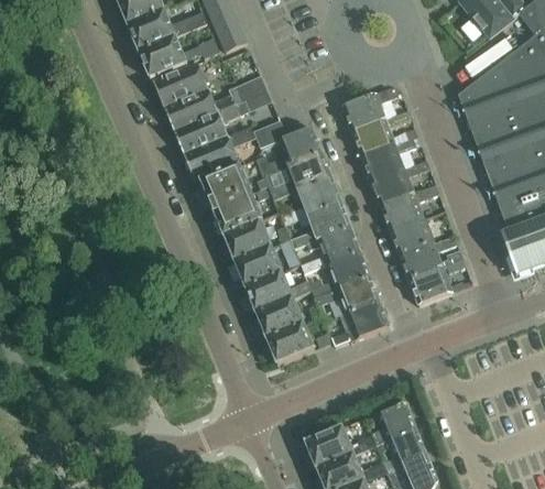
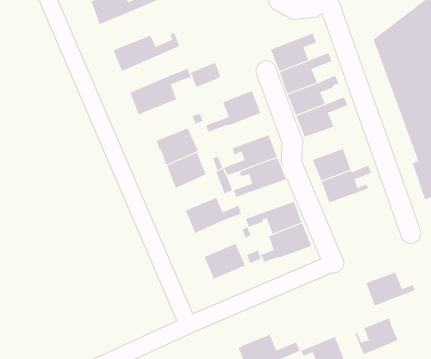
building: [153,61,208,106] -> none
building: [175,89,272,153] -> none
building: [255,127,323,174] -> none
building: [201,164,250,207] -> none
building: [280,176,341,222] -> none
building: [381,183,439,229] -> none
building: [236,246,282,286] -> none
building: [306,251,370,295] -> none
building: [408,265,465,304] -> [366,272,415,306]
building: [258,296,304,338] -> none
building: [367,402,416,444] -> [355,318,399,355]

